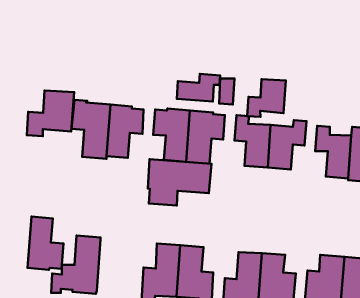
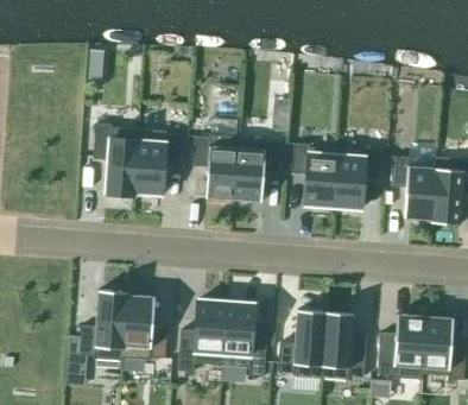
building: [177,74,220,102] -> none
building: [247,79,286,117] -> none
building: [27,91,74,136] -> none
building: [148,159,212,205] -> none
building: [27,216,63,270] -> [124,295,167,360]

